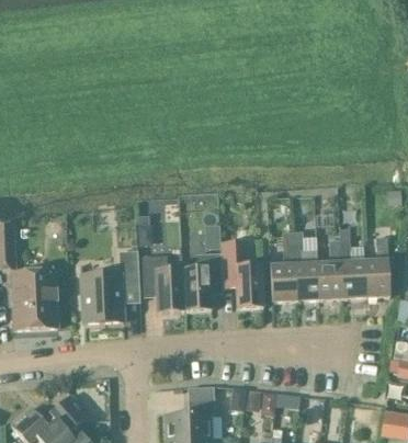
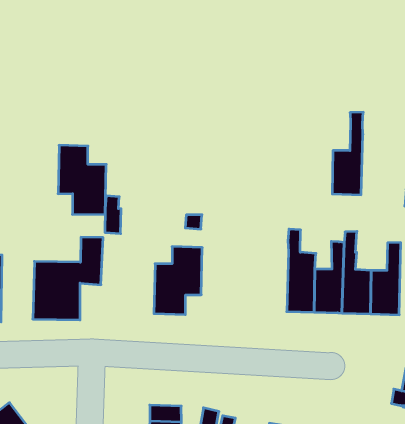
building: [270,231,296,302] -> [332,112,363,195]
building: [223,241,263,308] -> none
building: [143,254,185,313] -> [58,145,106,214]

